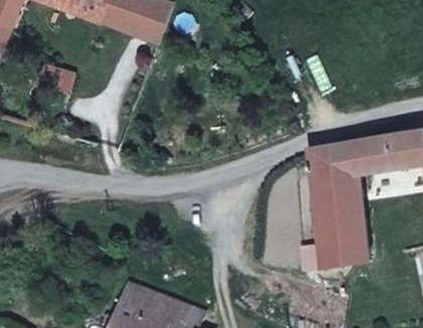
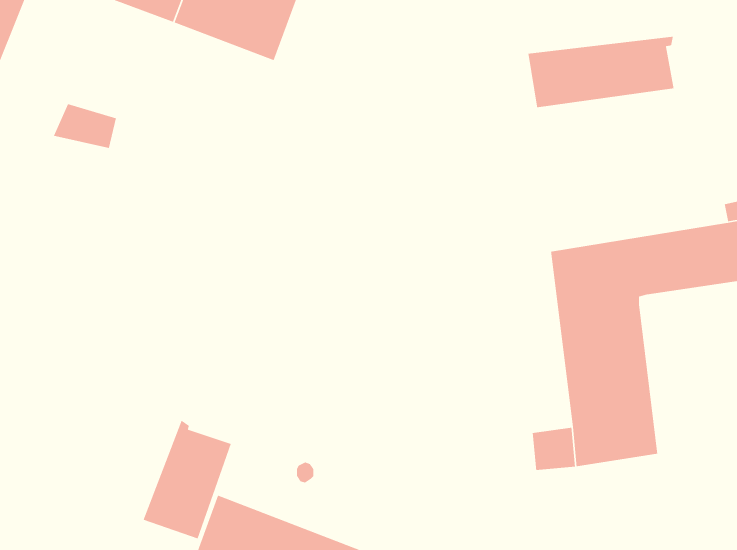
building: none -> [528,36,674,108]
building: none -> [143,420,232,540]

